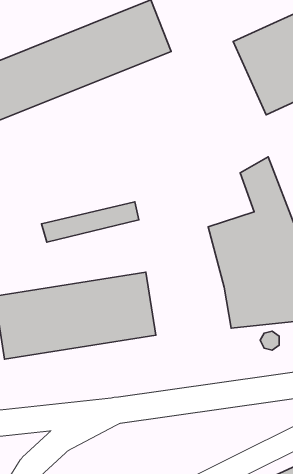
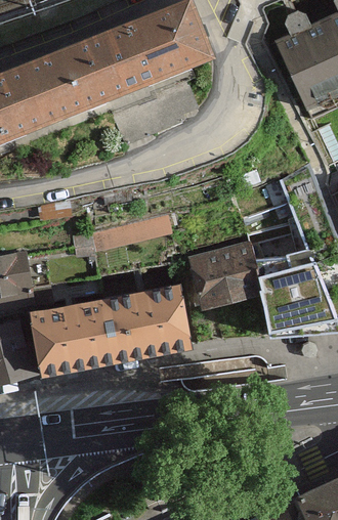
building: none -> [187,236,263,314]

